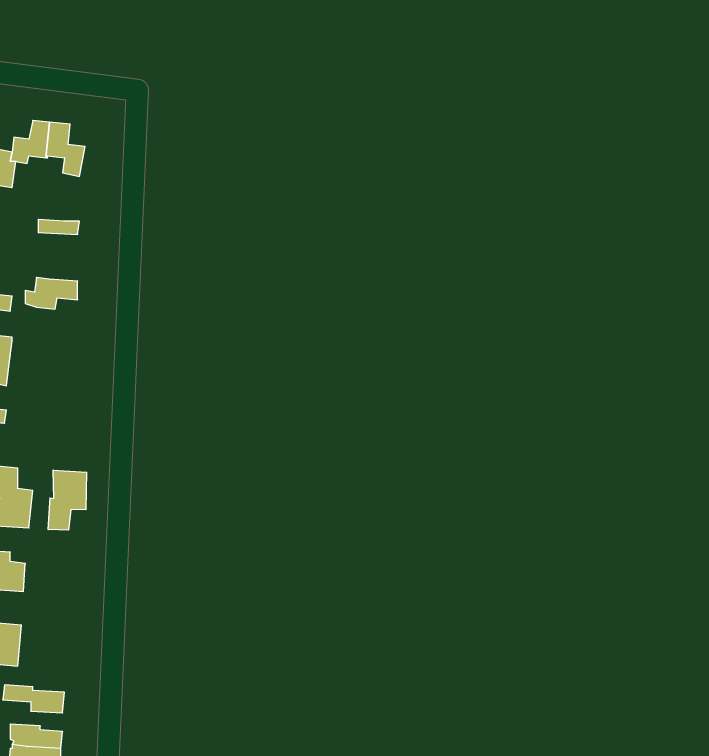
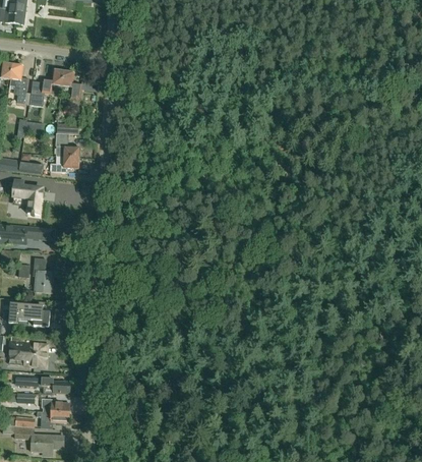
building: none -> [55,133,79,158]
building: [48,470,87,530] -> none

